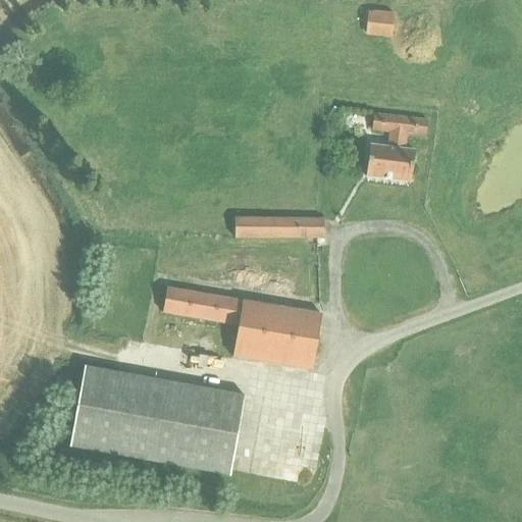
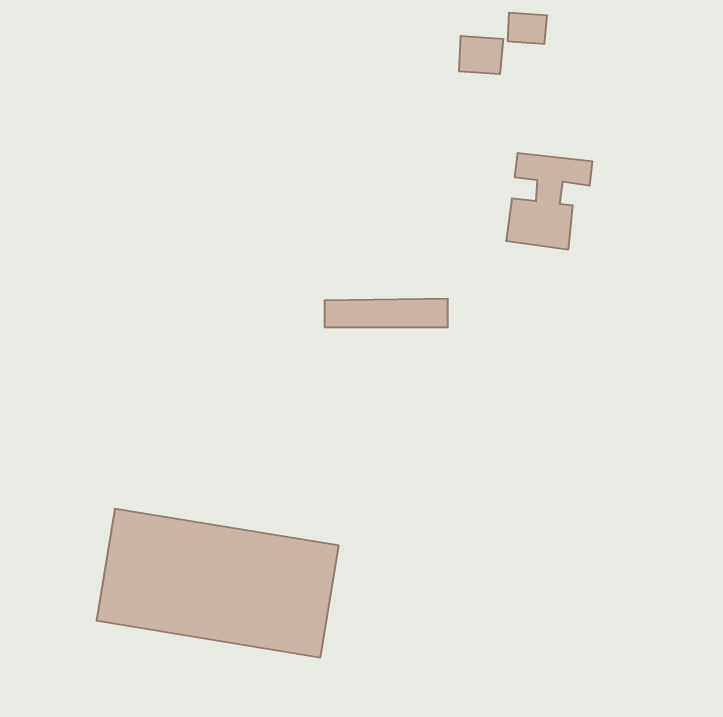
building: none -> [459,36,503,74]
building: [162,285,322,368] -> none

